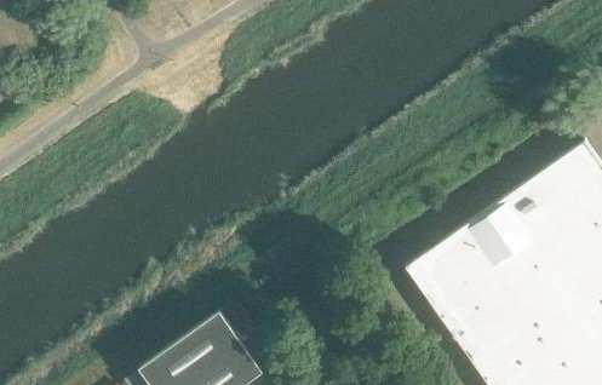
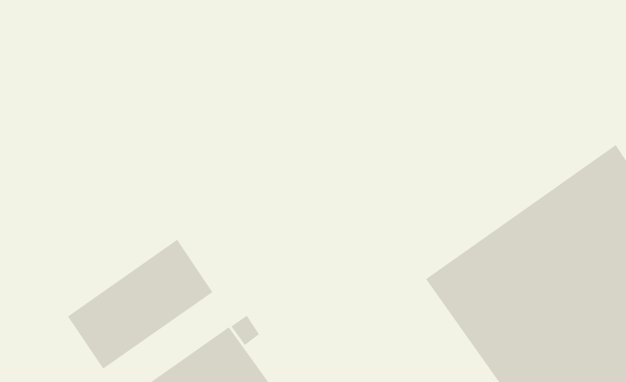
building: none -> [67,239,213,370]

